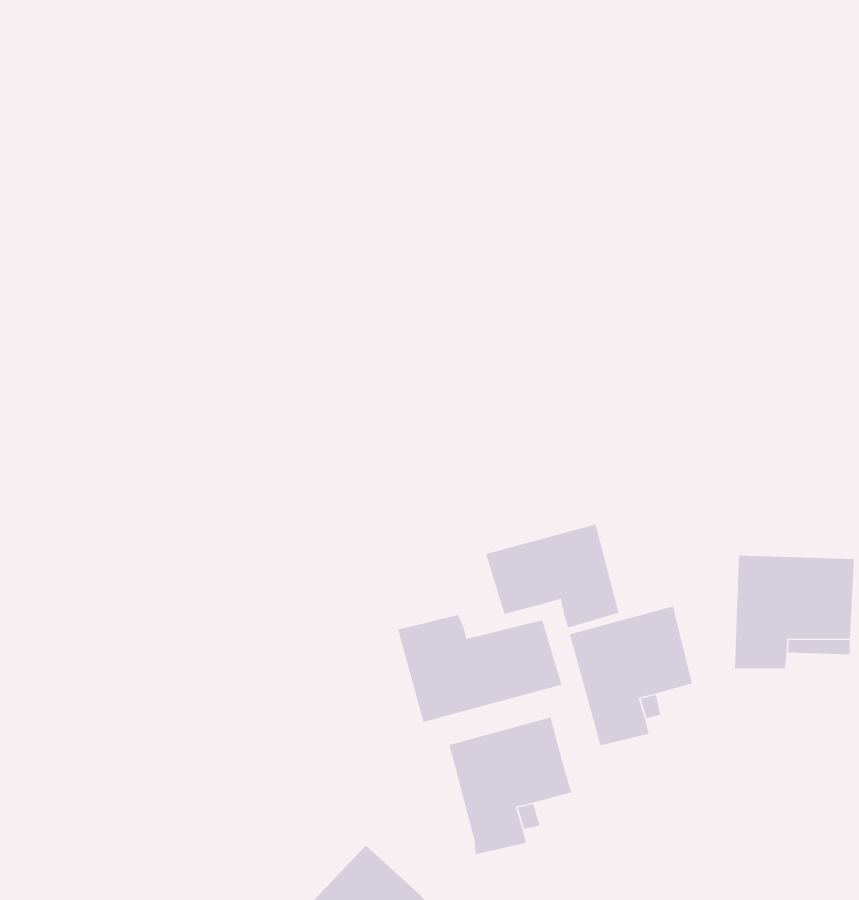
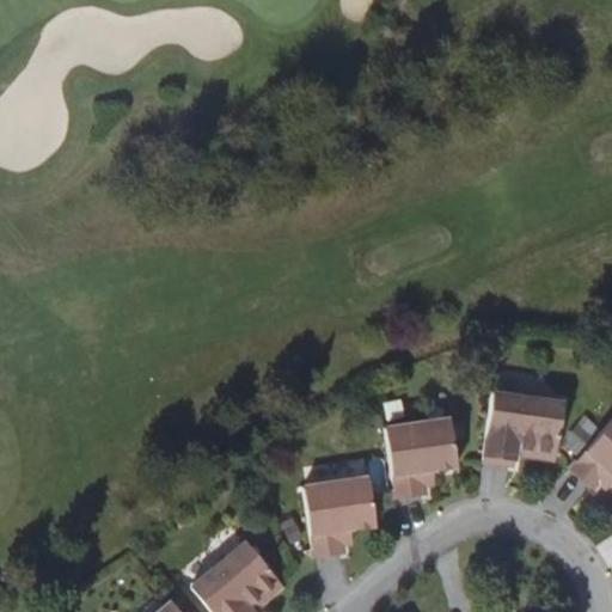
building: [485,524,620,629] -> none
building: [397,614,562,723] -> none

